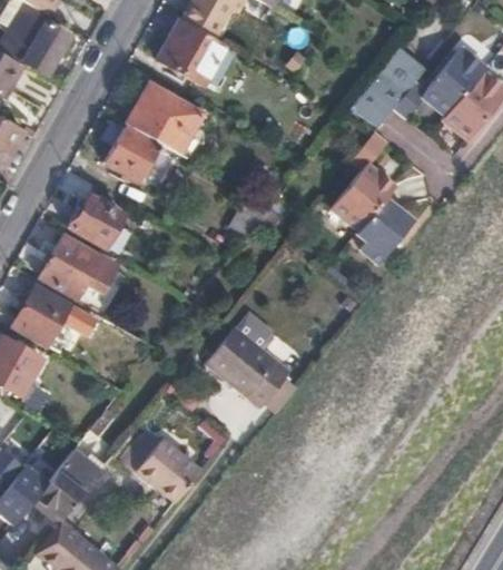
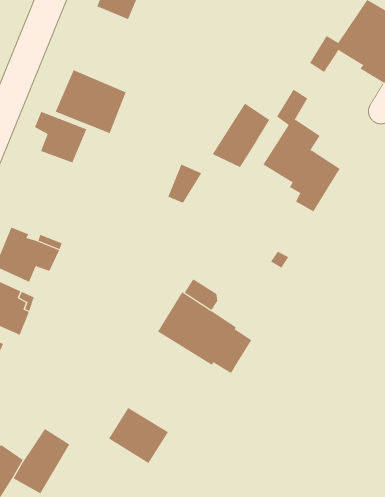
building: [157,20,224,85] -> none
building: [351,59,415,126] -> [212,103,270,168]
building: [70,199,120,246] -> none

